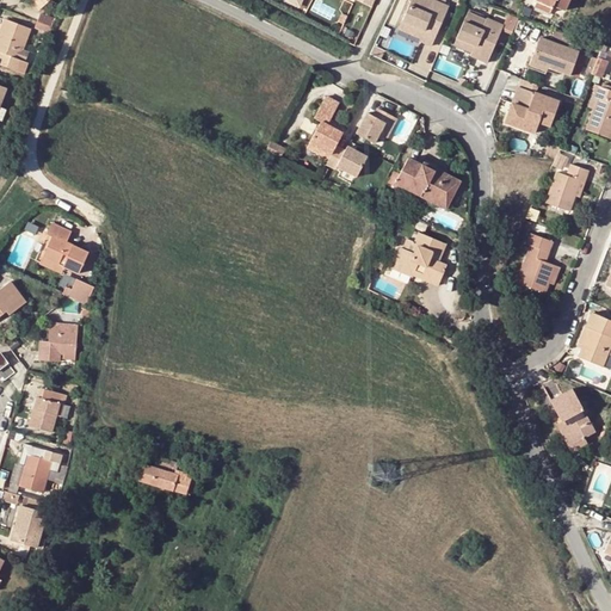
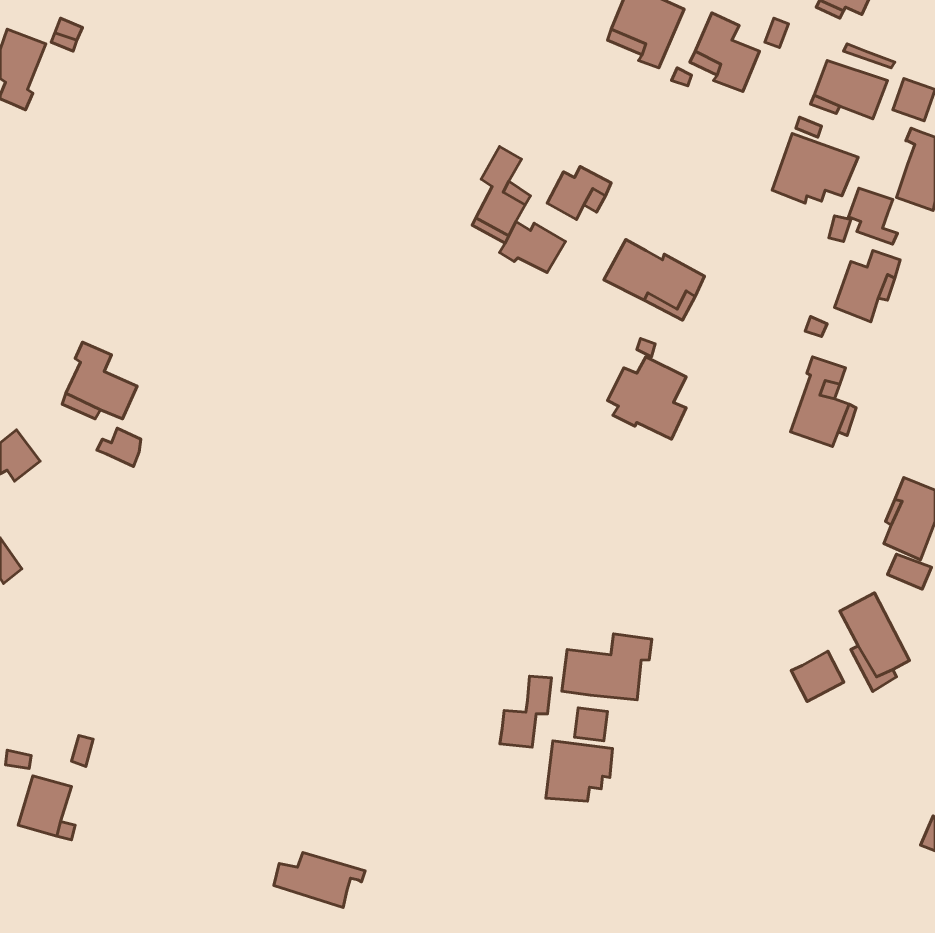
building: none -> [848,188,898,244]
building: [39,322,78,360] -> none
building: [30,388,69,431] -> none
building: none -> [562,634,652,700]
building: none -> [791,651,844,701]
building: none -> [500,676,551,747]
building: [18,444,62,490] -> none
building: [140,457,199,493] -> [274,852,365,907]
building: none -> [546,741,613,801]

